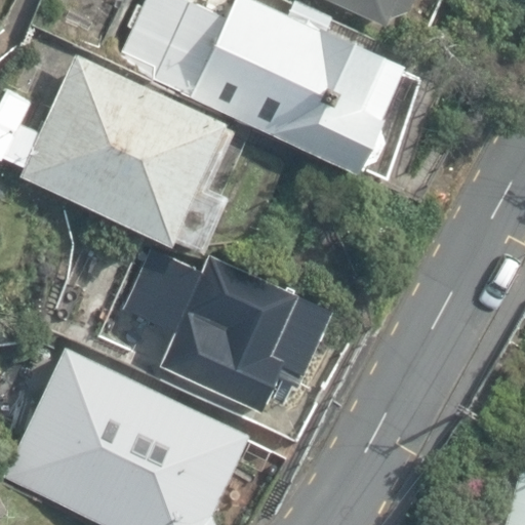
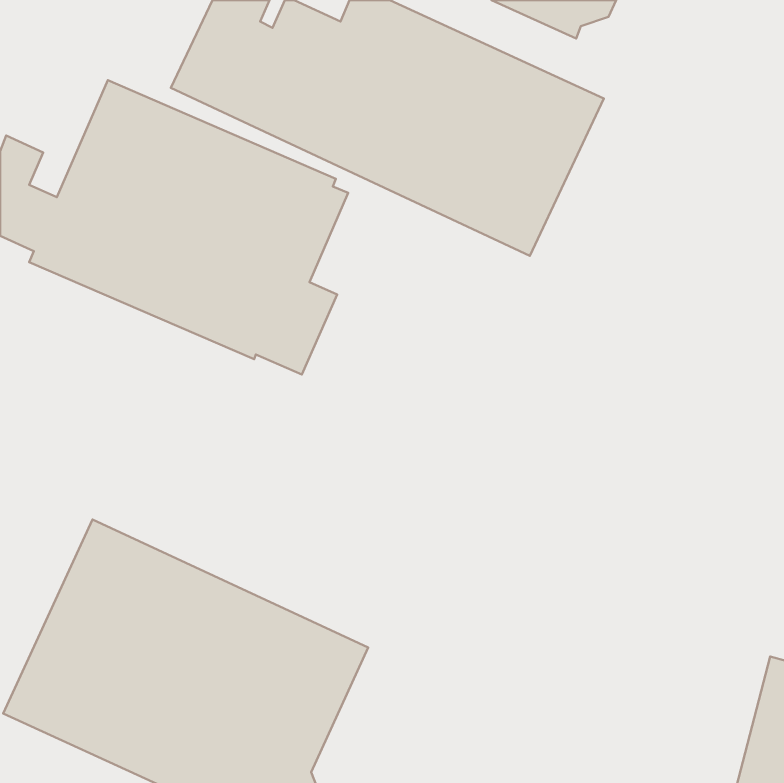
building: [124,250,332,412] -> none

